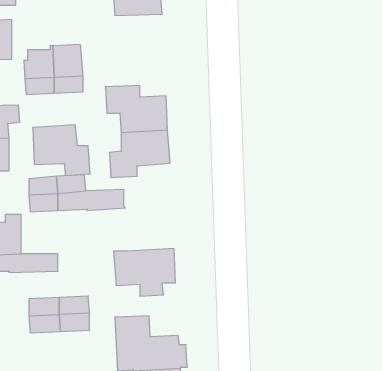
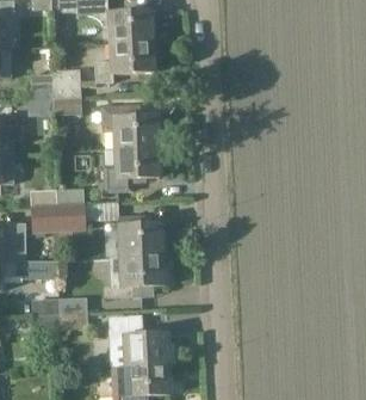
building: none -> [94,42,154,82]
building: [33,125,90,176] -> none
building: none -> [118,215,163,257]

